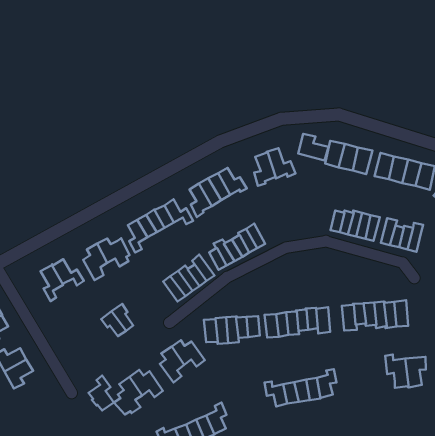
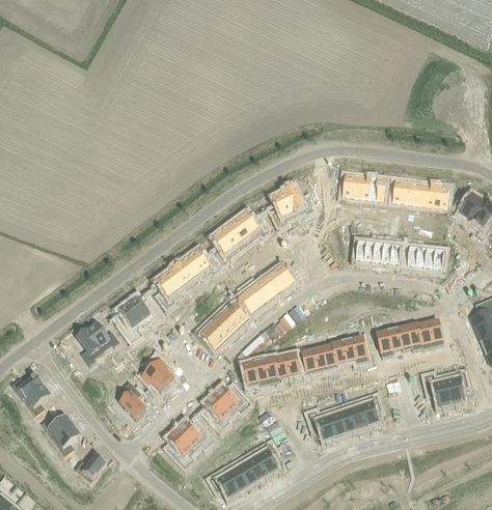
building: [298,134,328,160] -> none
building: [88,376,114,411] -> [119,381,145,416]
building: none -> [75,452,106,480]

